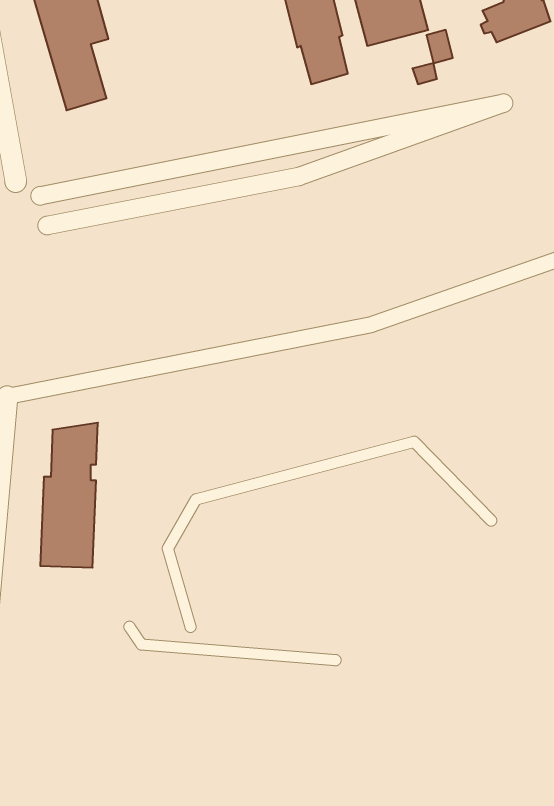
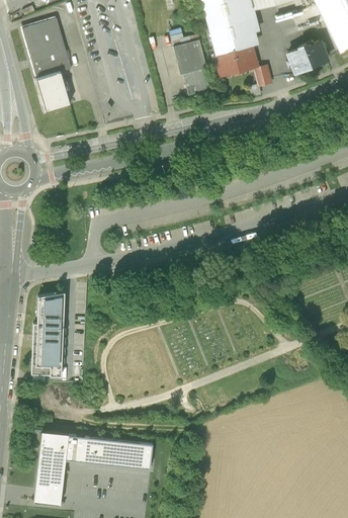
building: none -> [33,430,153,505]

